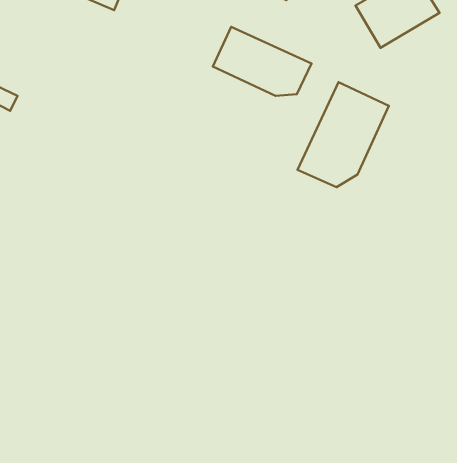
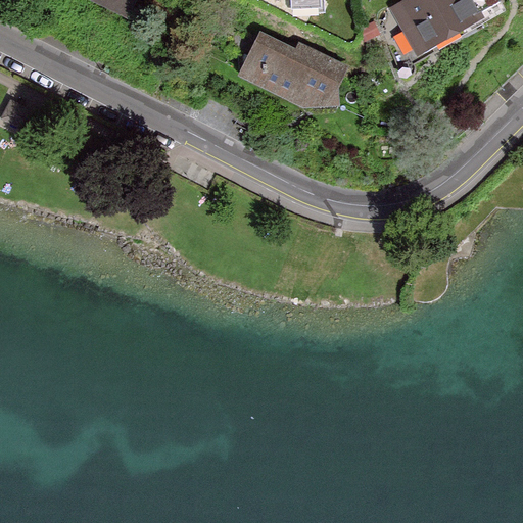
building: [297,82,389,187] -> none

